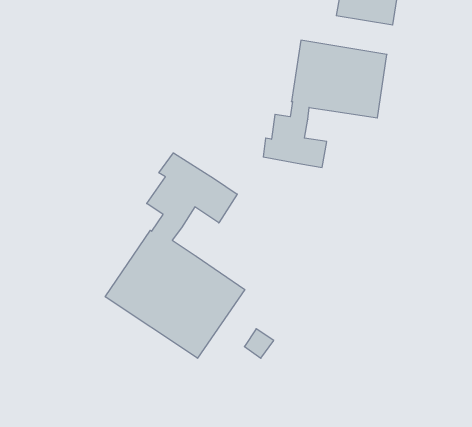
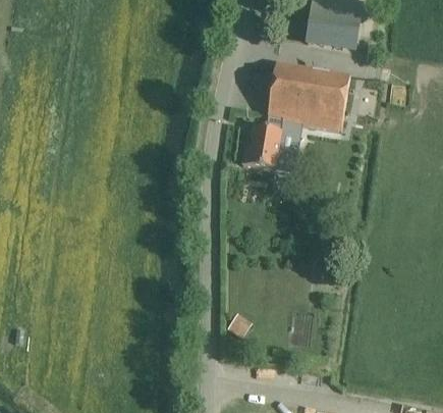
building: [105,153,245,358] -> none

